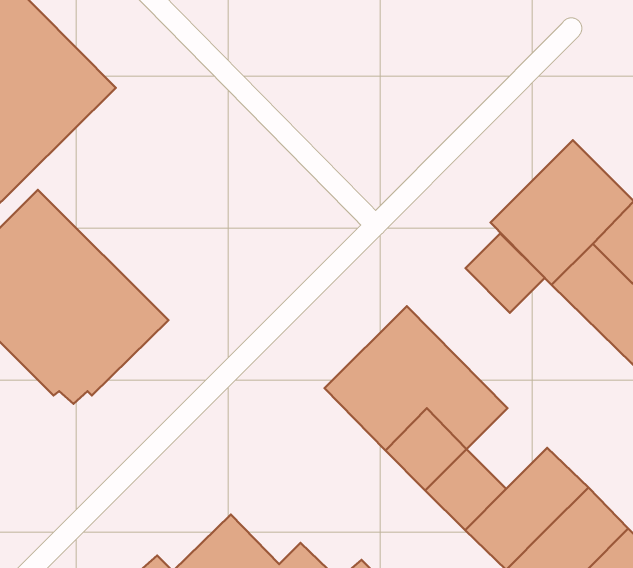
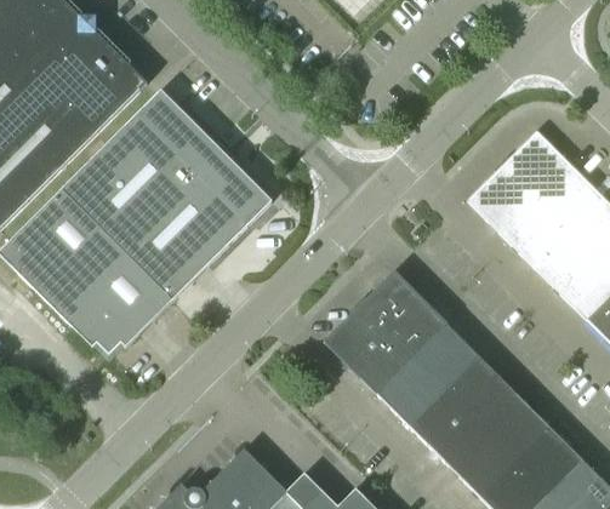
building: none -> [79,90,272,282]
building: [465,233,545,313] -> none
building: none -> [445,358,514,427]

